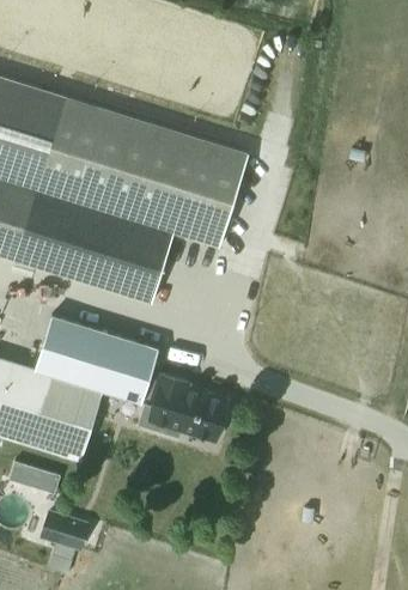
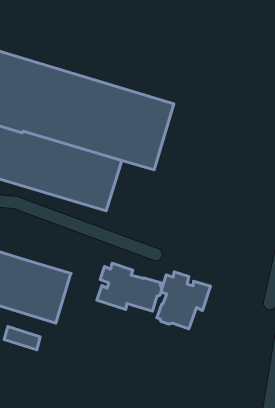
building: [35,317,159,405] -> none
building: none -> [157,272,210,329]
building: [42,515,87,562] -> none

